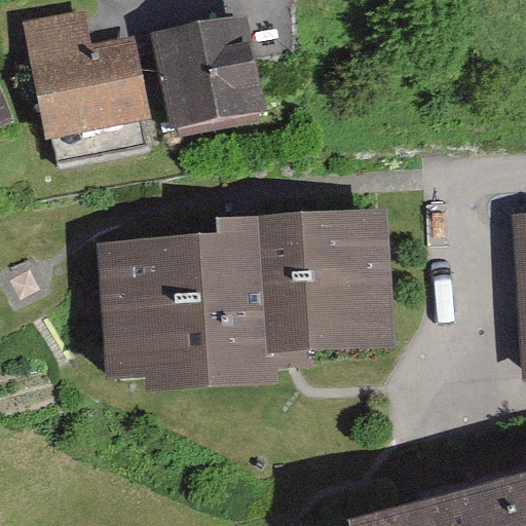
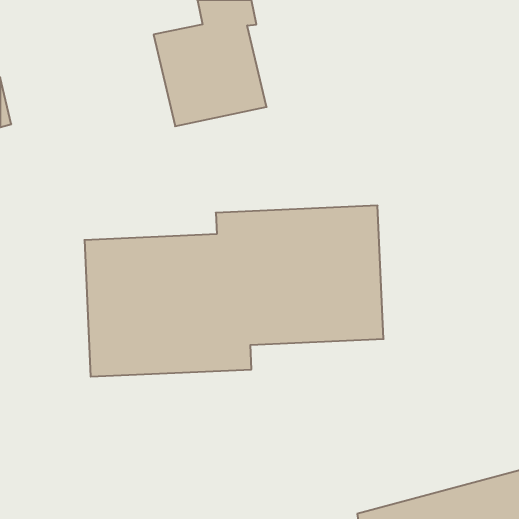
building: [23,10,155,145] -> none

